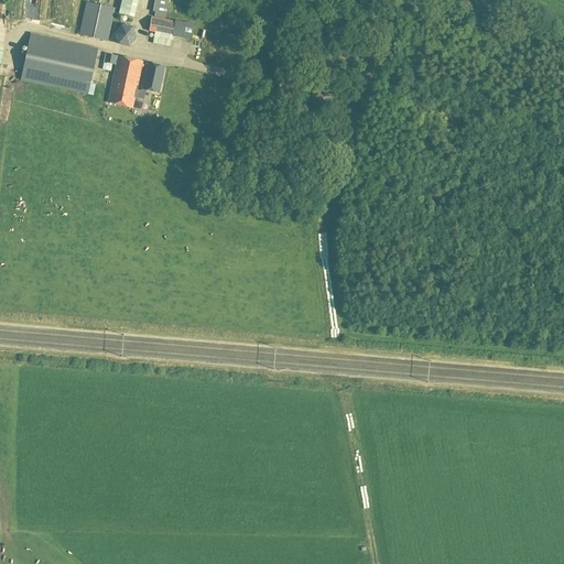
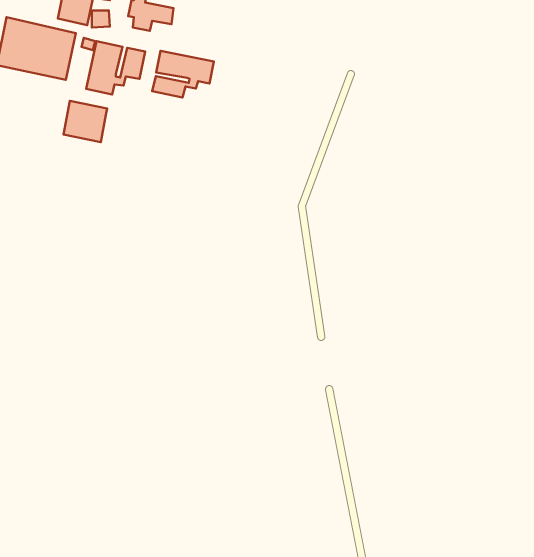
building: none -> [152,51,214,98]
building: none -> [64,101,107,142]

